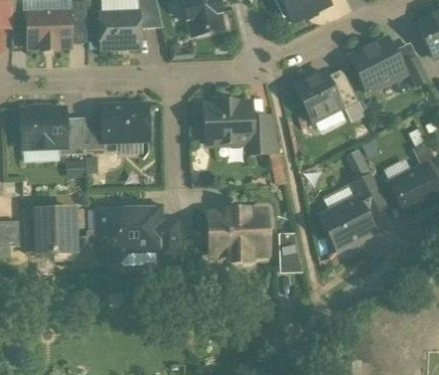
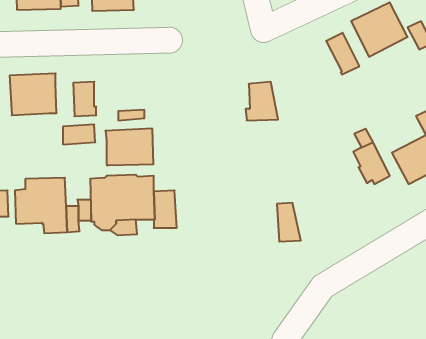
building: [294,70,340,120] -> none
building: [204,101,252,143] -> none
building: [101,105,147,140] -> [105,129,154,165]
building: [58,117,83,154] -> none
building: [320,198,374,249] -> none
building: [209,210,266,259] -> none

